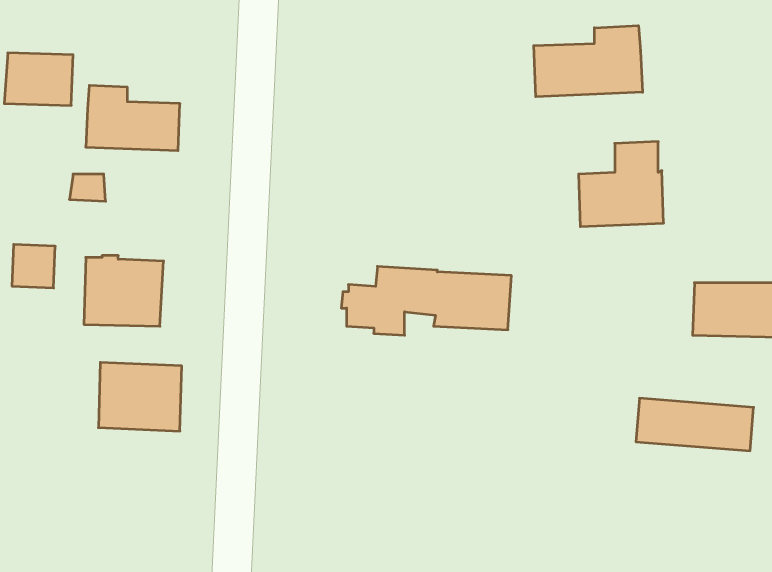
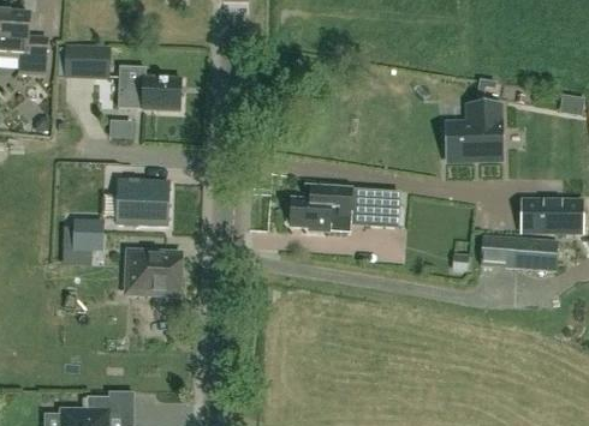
building: [534,26,643,97] -> none
building: [12,244,55,288] -> [73,220,102,248]
building: [636,398,754,451] -> [481,234,559,269]

